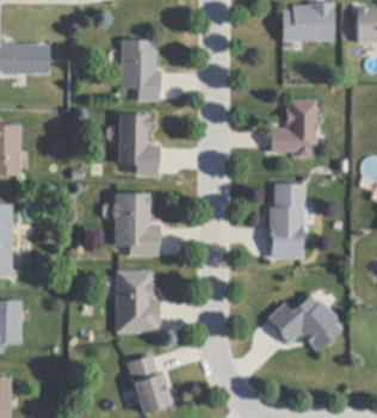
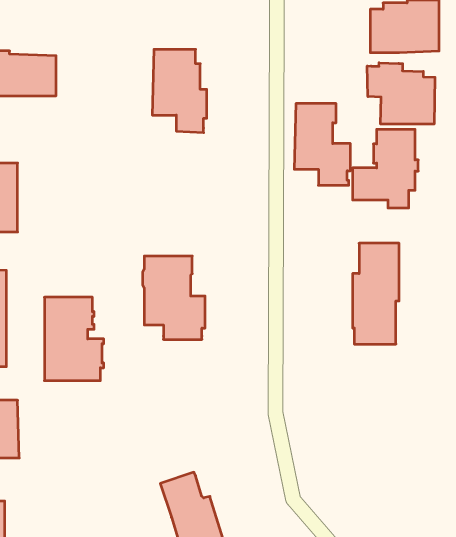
building: none -> [367,63,435,124]
building: [118,115,160,176] -> [294,104,350,185]
building: [116,271,160,333] -> [44,297,104,381]
building: [267,294,341,351] -> none

